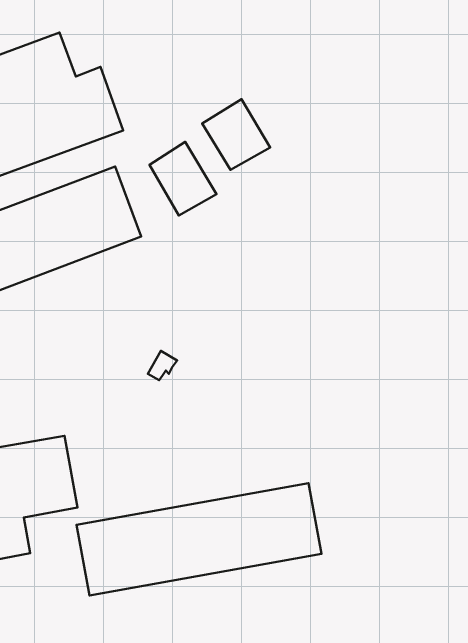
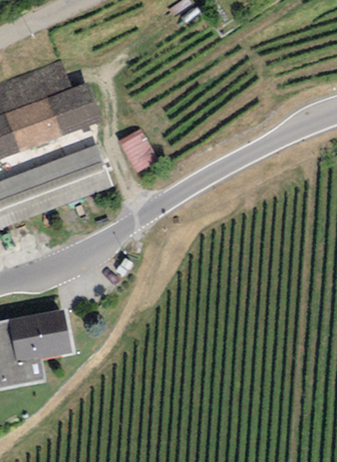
building: [202,99,270,170] -> none
building: [76,483,322,596] -> none

